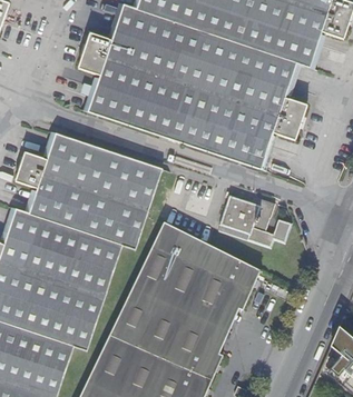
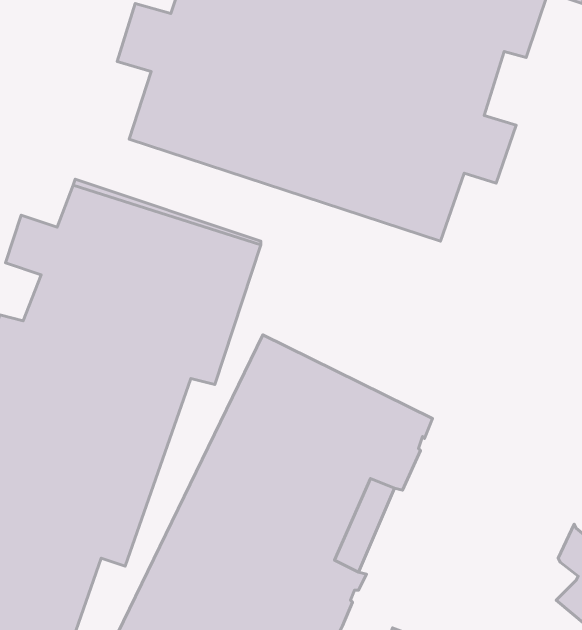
building: [216,193,292,248] -> none

